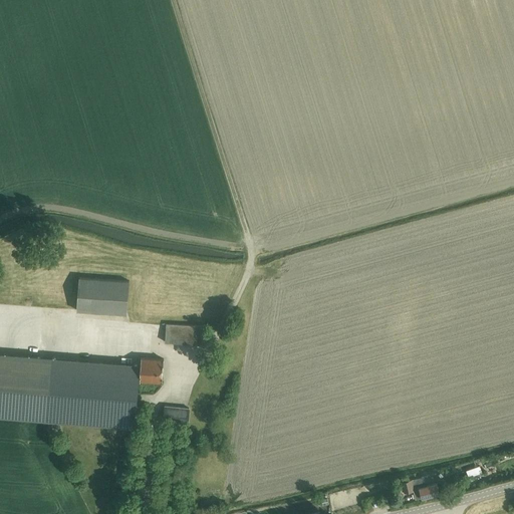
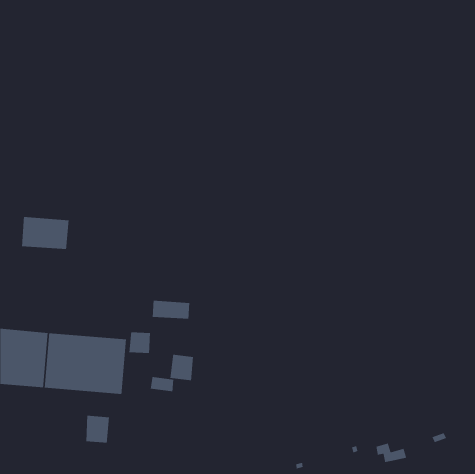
building: [76,279,128,315] -> [21,216,70,250]
building: none -> [170,354,194,381]
building: none -> [85,415,110,444]

